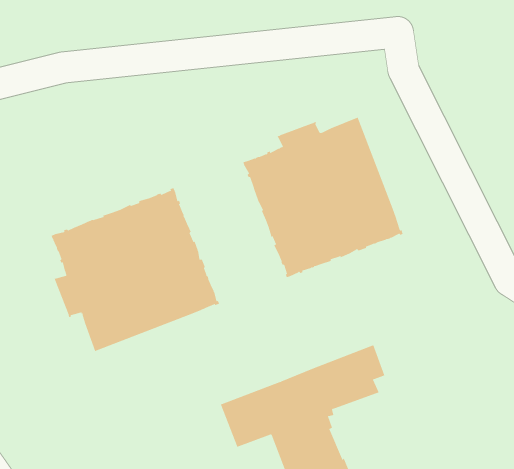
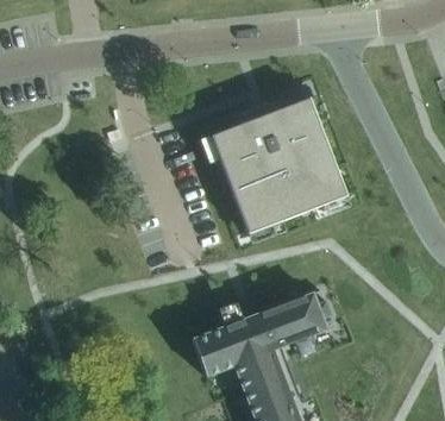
building: [51,187,220,352] -> none

